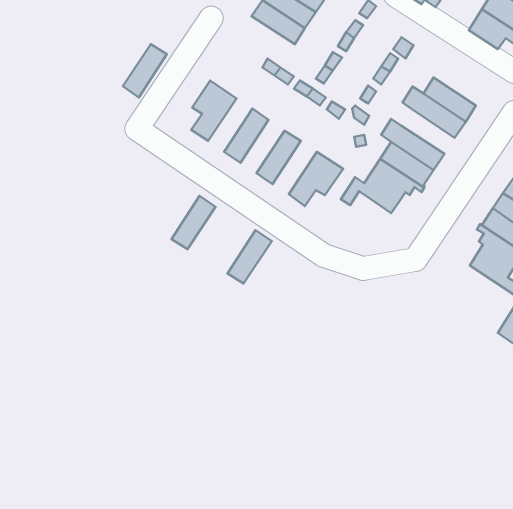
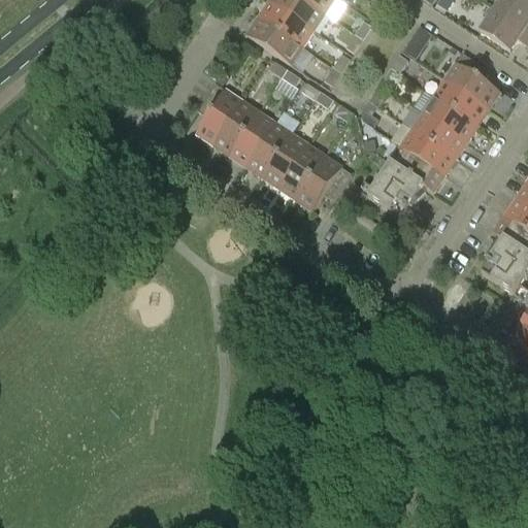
building: none -> [248,16,303,63]
building: [123,44,167,97] -> [214,101,260,156]
building: none -> [446,53,500,108]
building: none -> [412,112,467,158]
building: [171,196,216,249] -> [248,123,293,177]
building: [227,230,272,283] -> [280,144,326,199]

